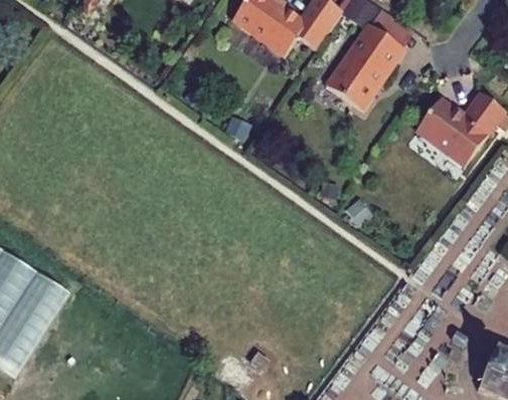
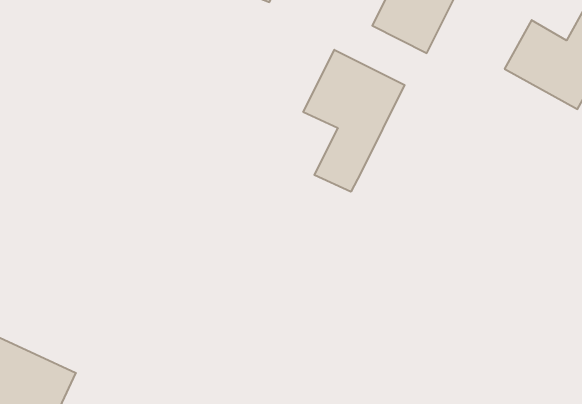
building: none -> [303,50,405,192]

